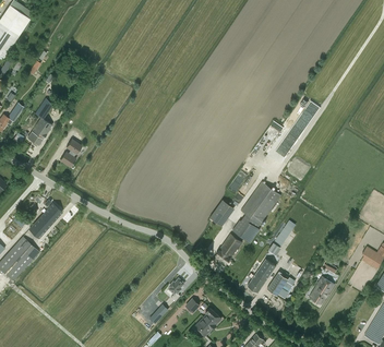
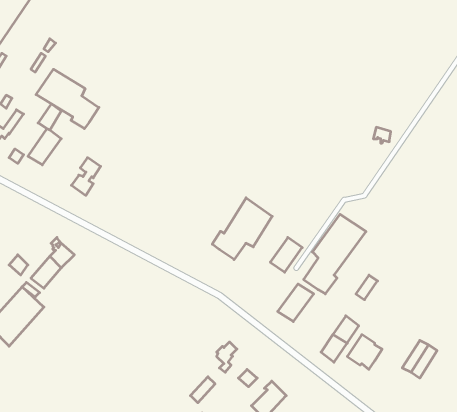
building: none -> [36,69,99,129]
building: none -> [212,198,272,260]

